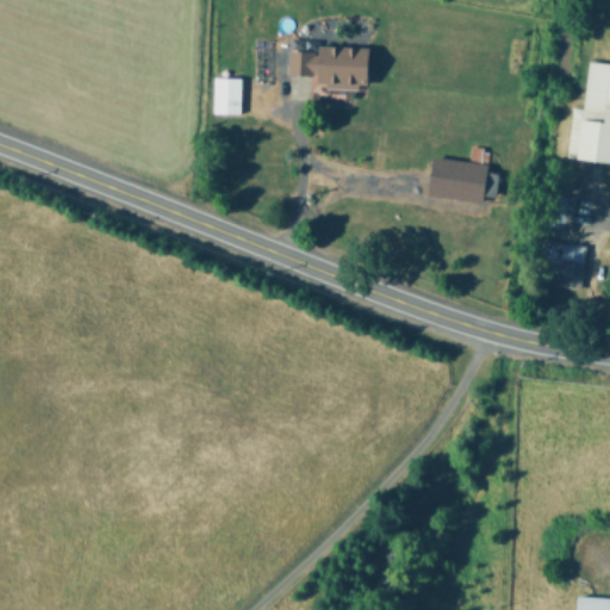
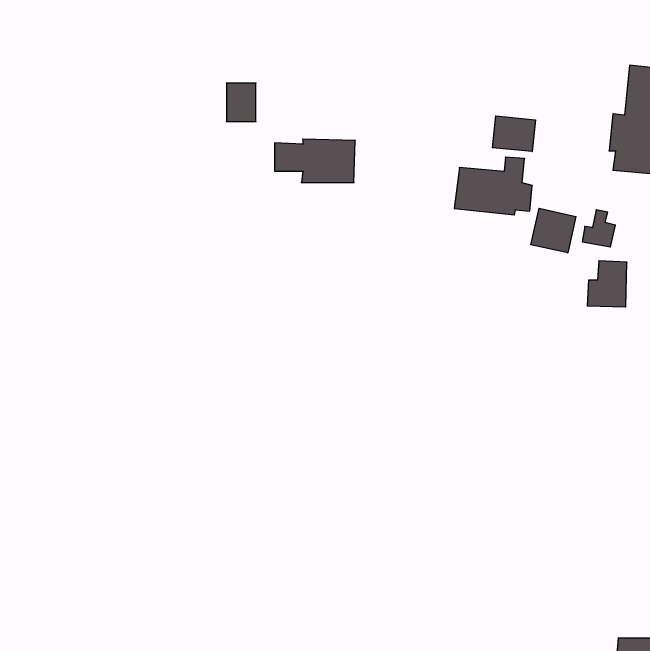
building: [290,48,365,88] -> [275,139,355,183]
building: none -> [493,116,535,152]
building: none -> [531,208,576,253]

